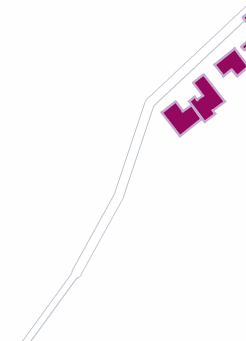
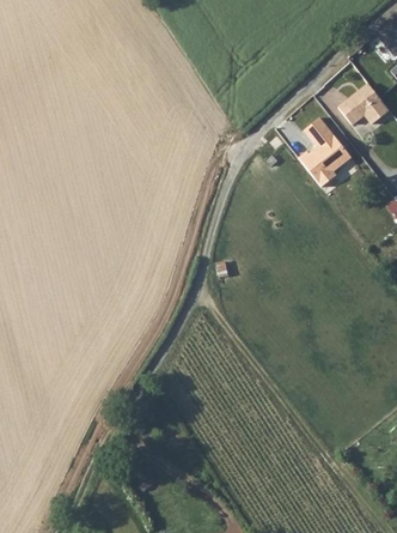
building: [162,102,201,136] -> none

